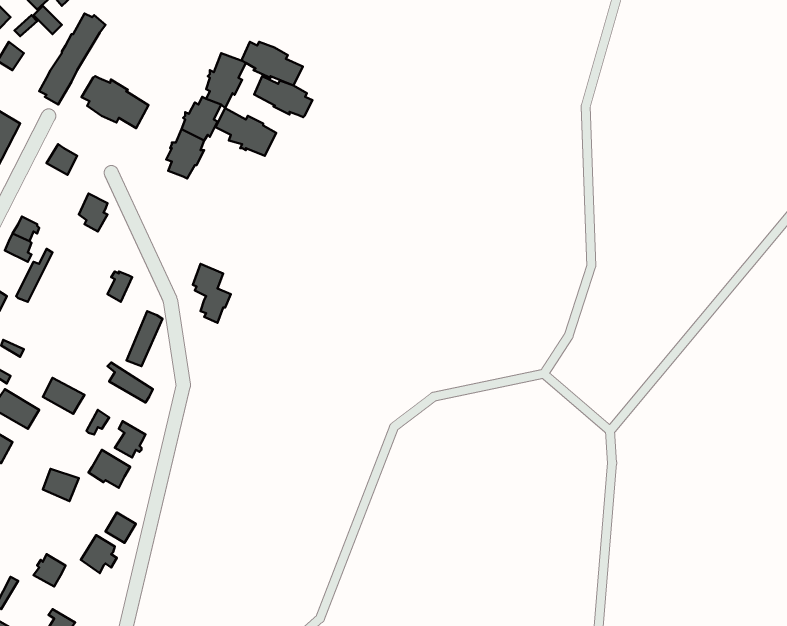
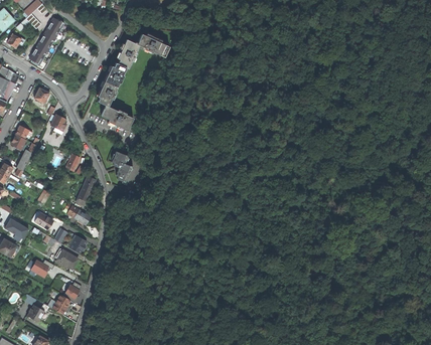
building: [82,76,148,128] -> none
building: [254,76,312,117] -> none
building: [216,108,276,156] -> [101,105,133,130]

